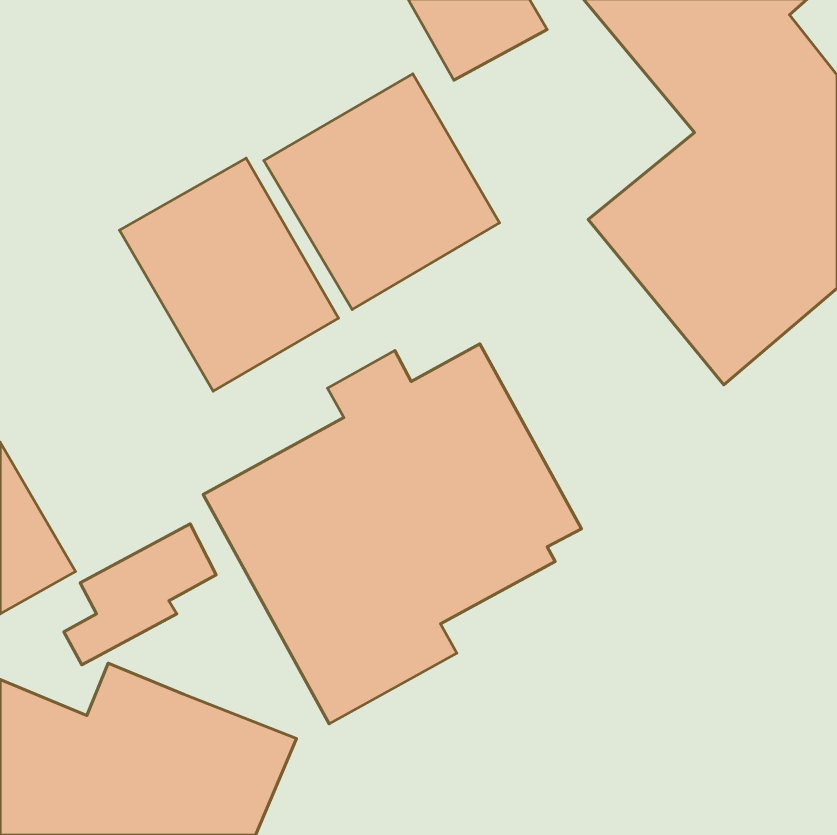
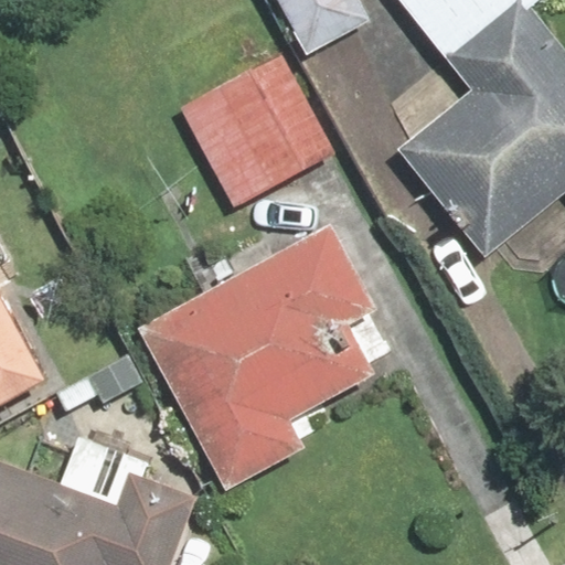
building: [119,158,339,391] -> none

